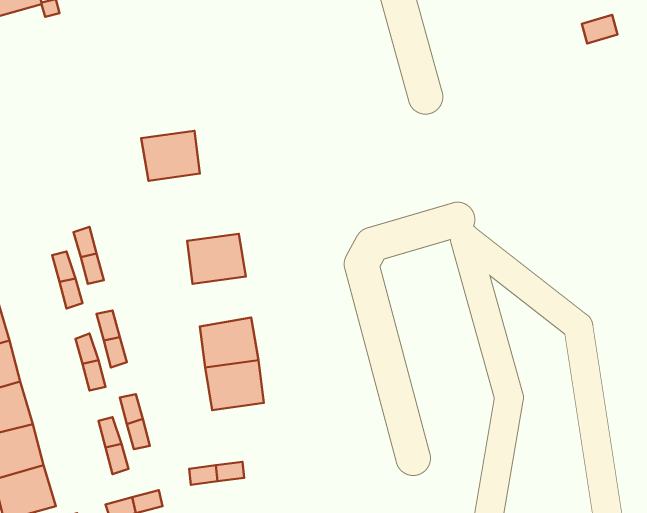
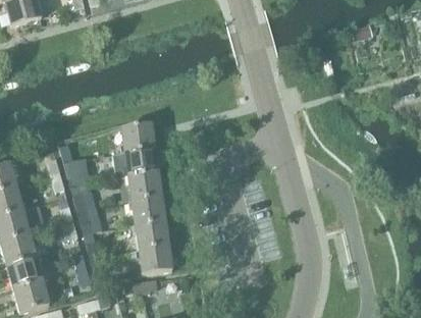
building: [141,131,200,181] -> [120,122,154,151]
building: none -> [127,171,161,200]
building: none -> [139,244,172,273]

